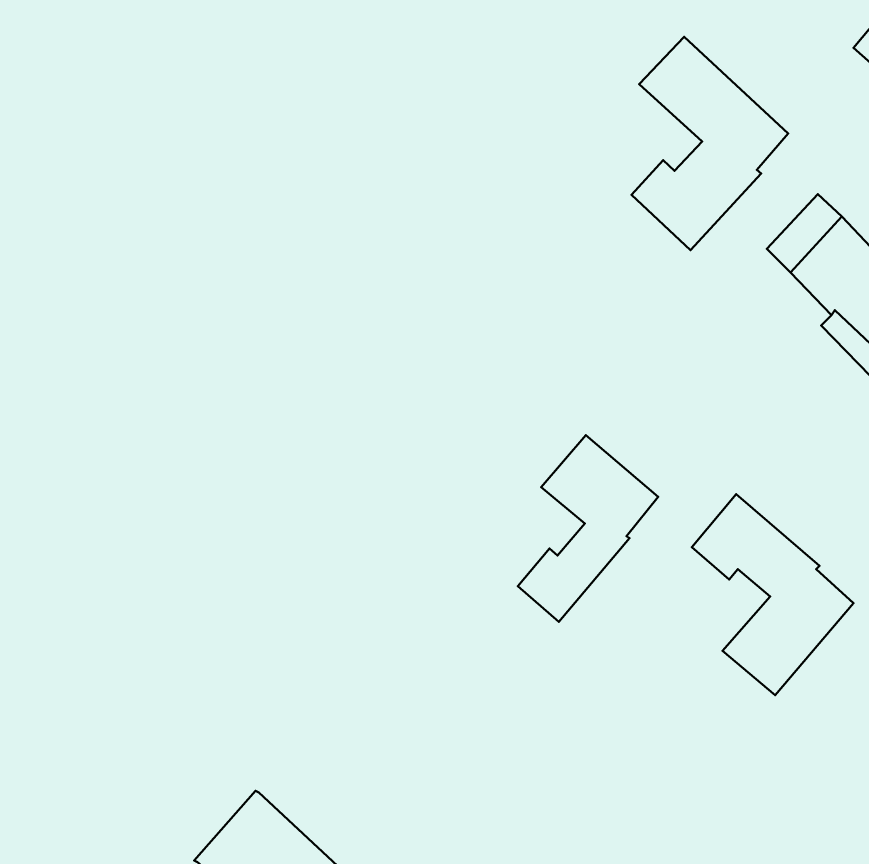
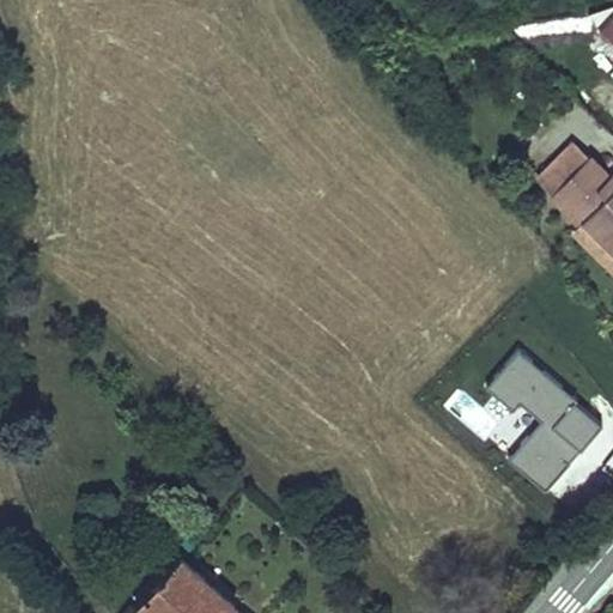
building: [632,37,788,250] -> none
building: [518,435,658,622] -> none

